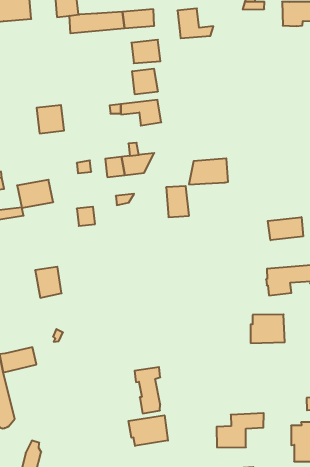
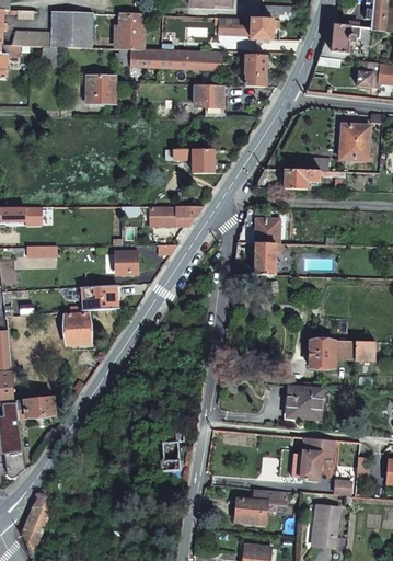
building: none -> [340,123,369,158]
building: [132,69,158,94] -> none
building: [37,105,64,133] -> [89,77,115,104]
building: none -> [282,168,320,188]
building: [17,180,53,208] -> [82,283,118,309]
building: [166,186,189,217] -> [254,242,276,275]
building: [268,217,303,240] -> none
building: none -> [300,437,334,480]
building: [128,415,168,446] -> none

